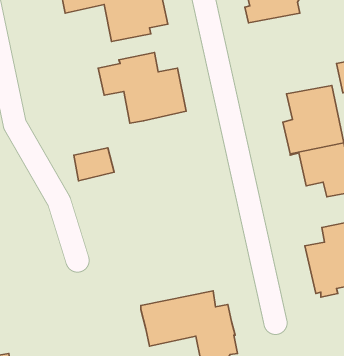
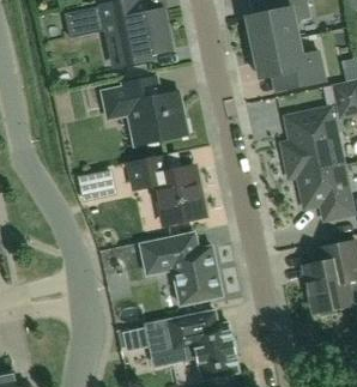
building: none -> [249,38,326,92]
building: none -> [129,153,205,225]
building: none -> [141,234,223,306]

